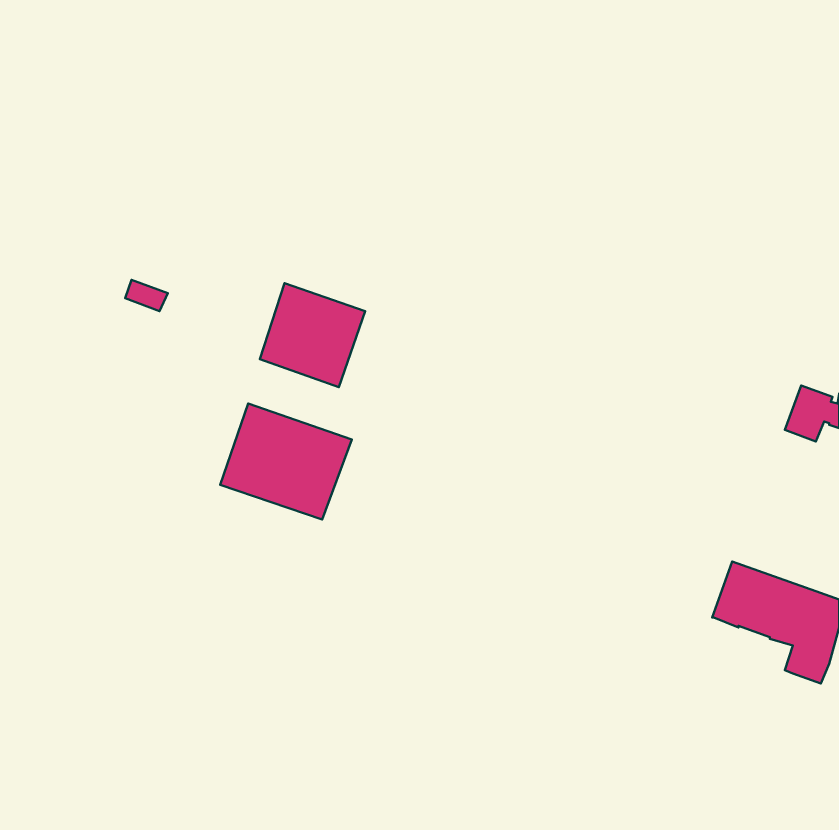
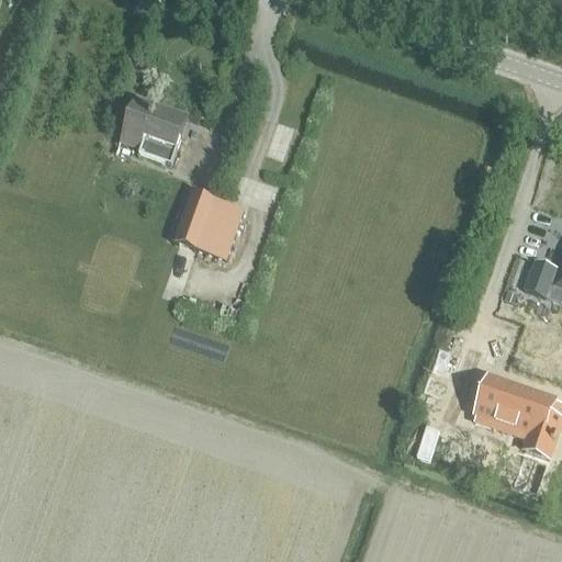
building: none -> [121,97,184,161]
building: [220,403,352,520] -> none

